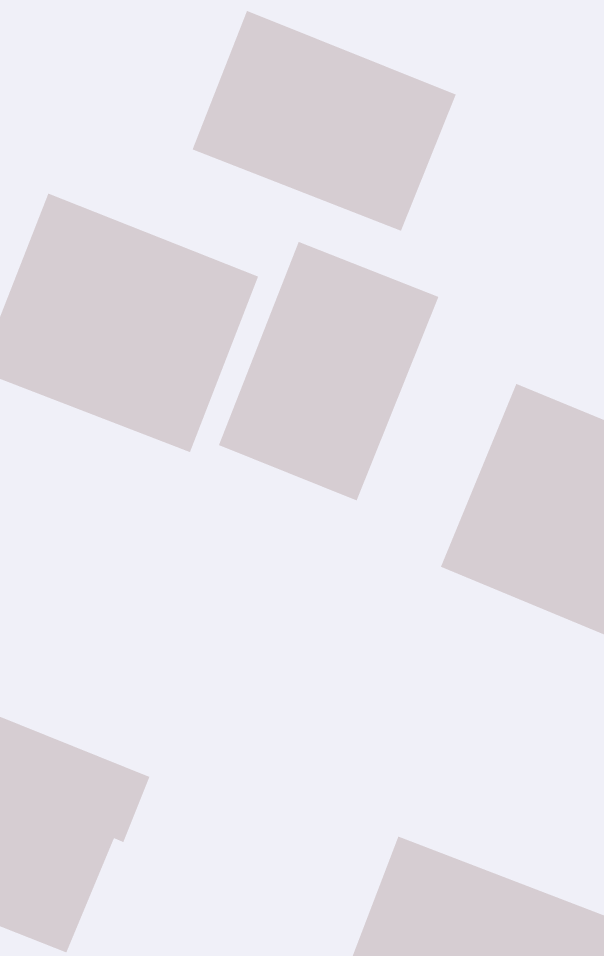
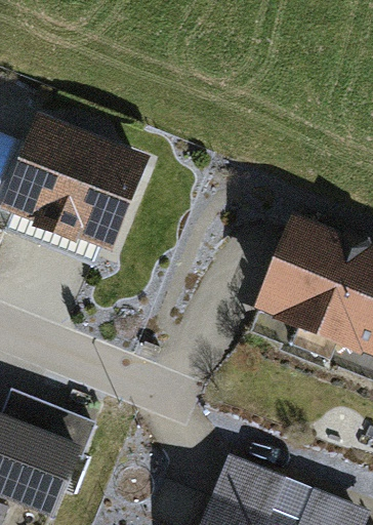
building: [191,10,457,232] -> none
building: [218,241,439,501] -> none

